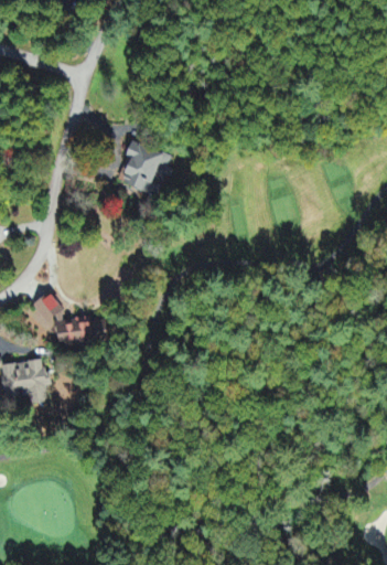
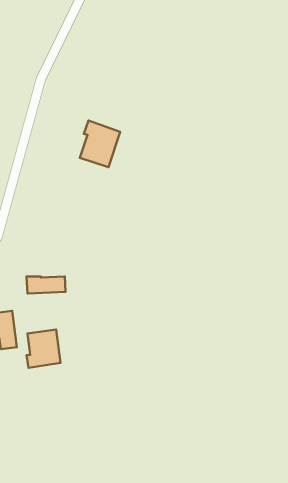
building: none -> [26,330,60,368]

